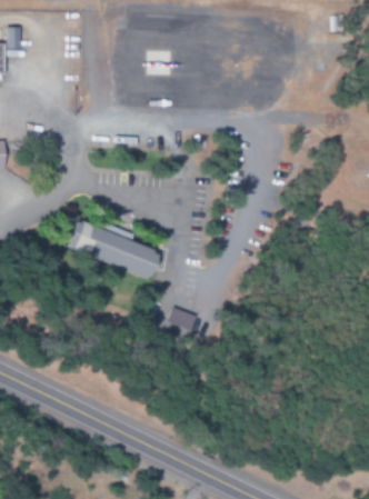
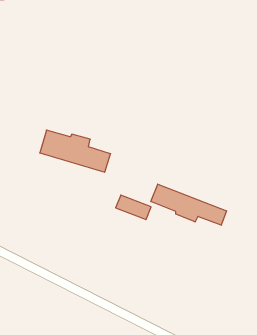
building: none -> [151,184,226,225]

